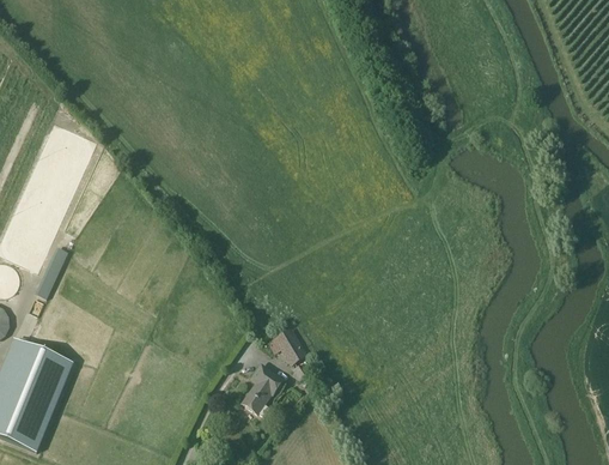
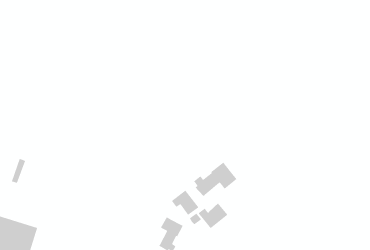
building: none -> [193,161,238,197]
building: none -> [198,203,229,229]

